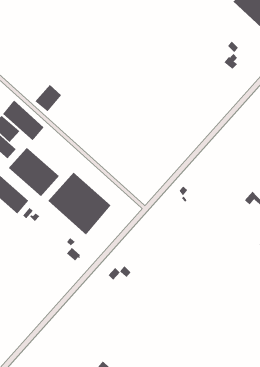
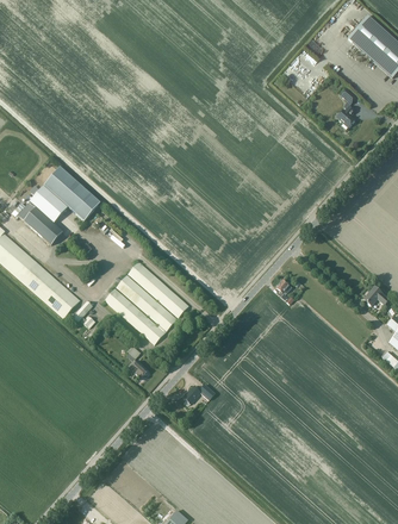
building: [35,84,62,112] -> none
building: [8,147,60,197] -> none

